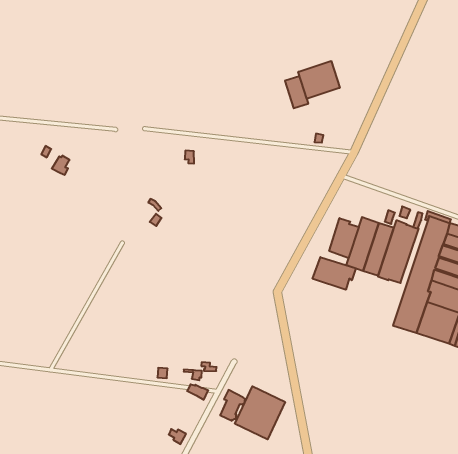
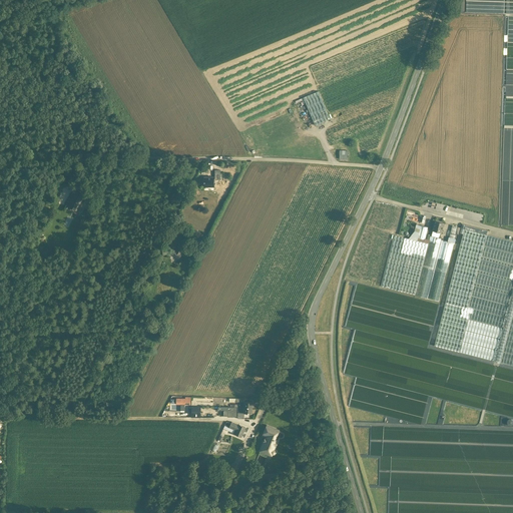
building: [298,61,340,99] -> none
building: [329,218,359,258] -> none
building: [313,257,356,290] -> none
building: [235,386,285,439] -> none

